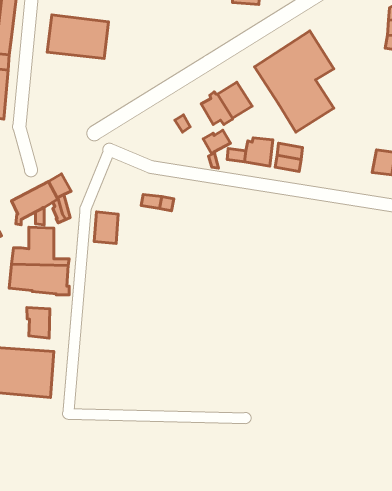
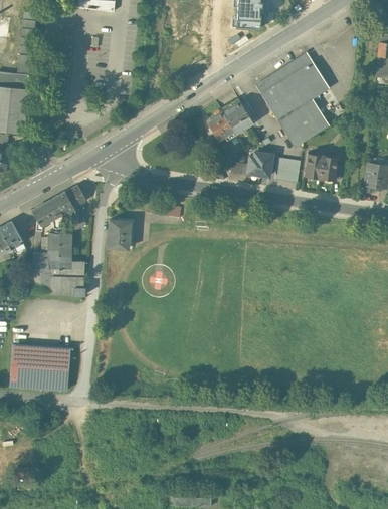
building: [47,15,108,58] -> none
building: none -> [304,154,337,180]
building: [27,307,50,338] -> none

